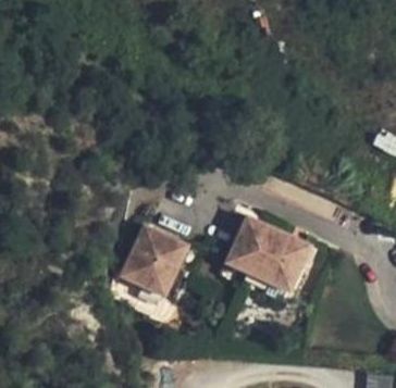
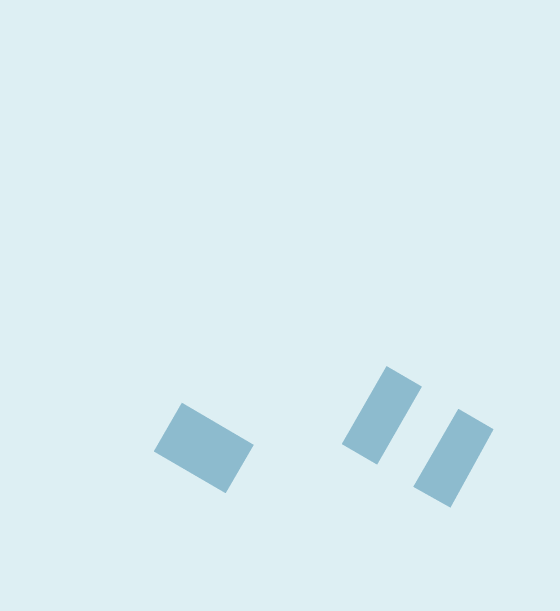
building: [247,225,288,281] -> none
building: [134,227,187,267] -> none

